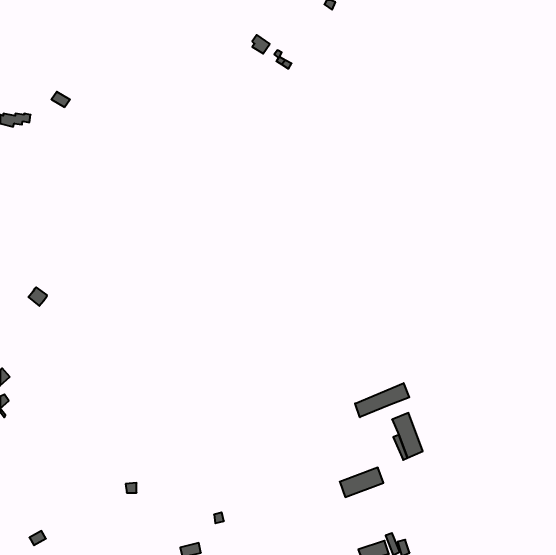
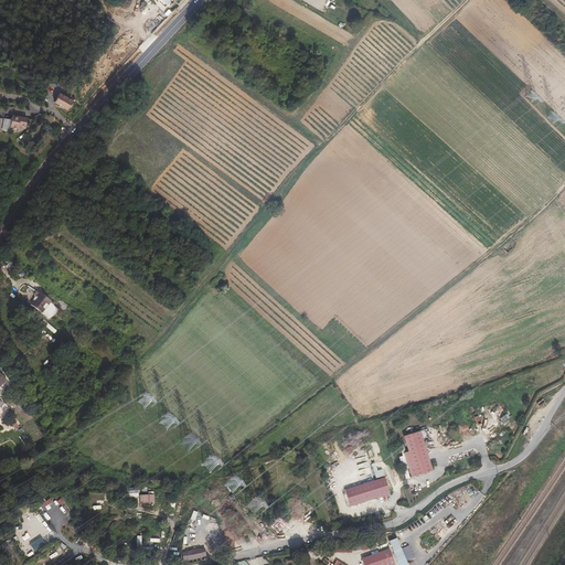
building: [355,383,409,417] -> none

